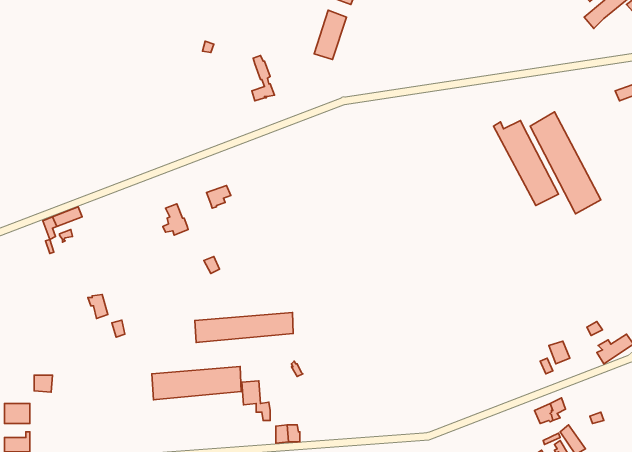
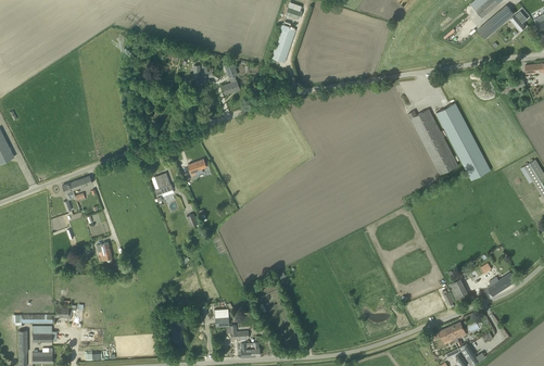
building: [195,312,293,343] -> none
building: [152,366,241,400] -> none

